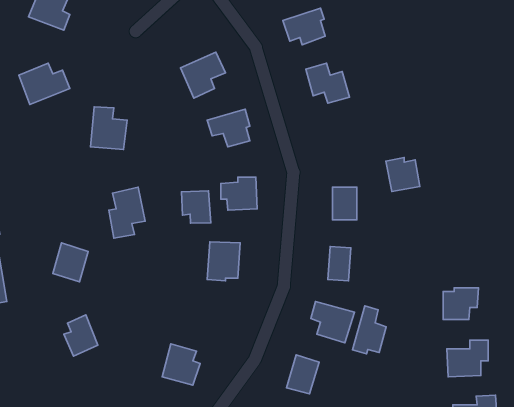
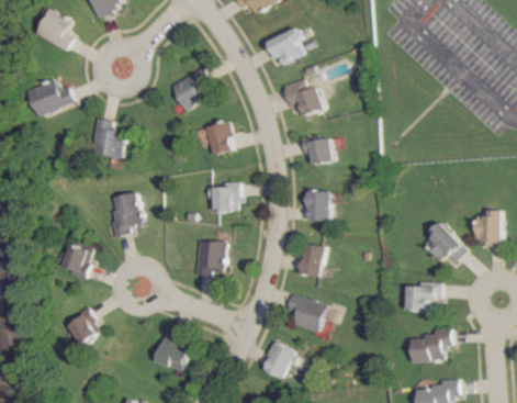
building: [386,157,420,192] -> [303,135,334,166]
building: [182,191,211,223] -> none
building: none -> [422,221,465,261]
building: [352,306,386,354] -> none

